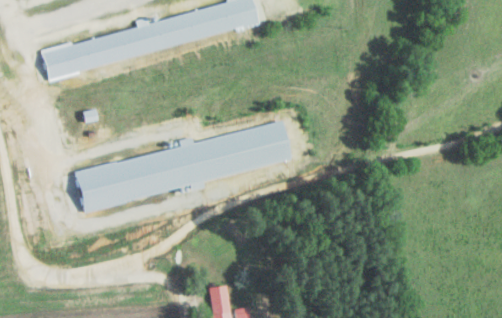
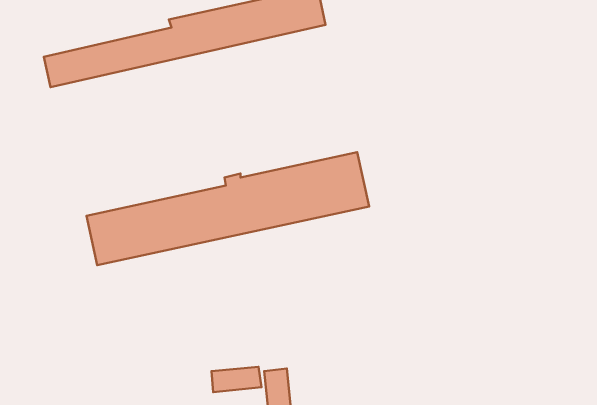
building: none -> [211,367,262,392]

